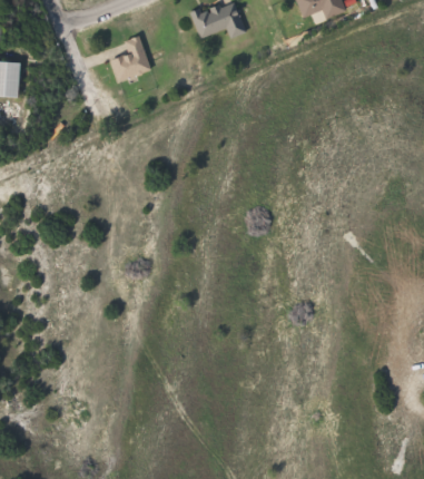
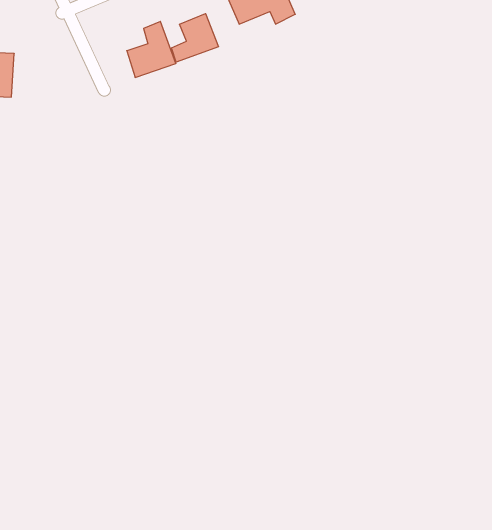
building: none -> [172,14,219,62]

